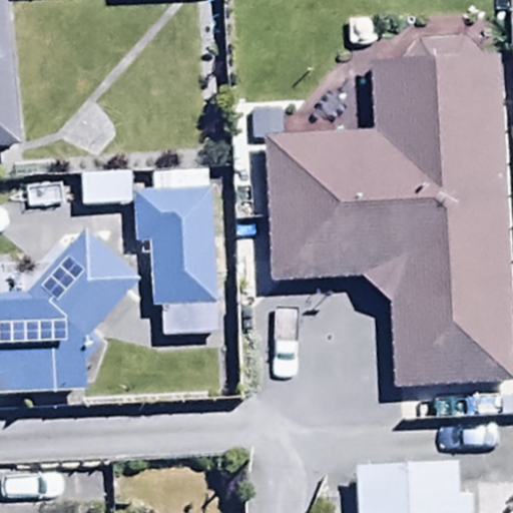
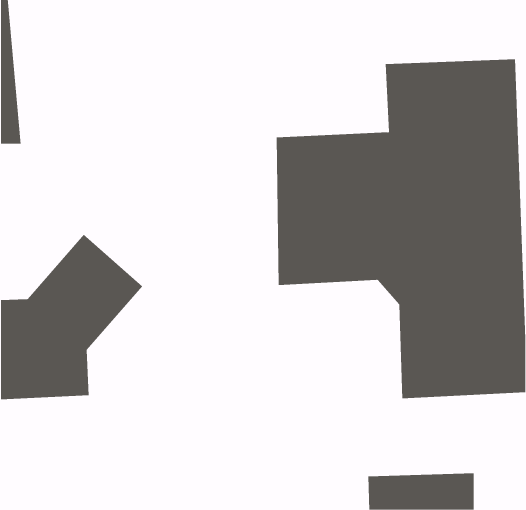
building: [136,181,220,333] -> none

